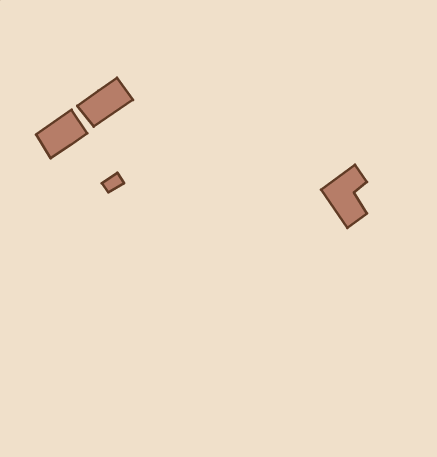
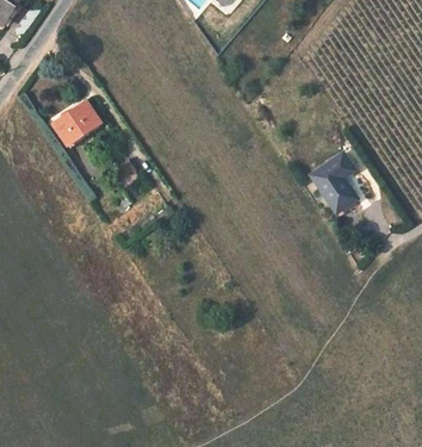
building: [77,78,133,127] -> none

